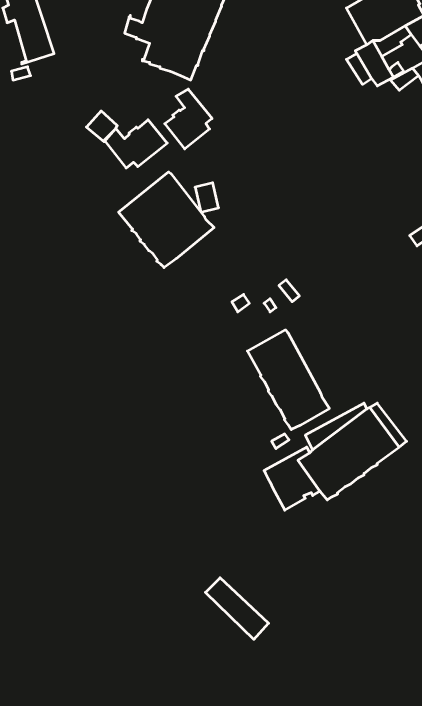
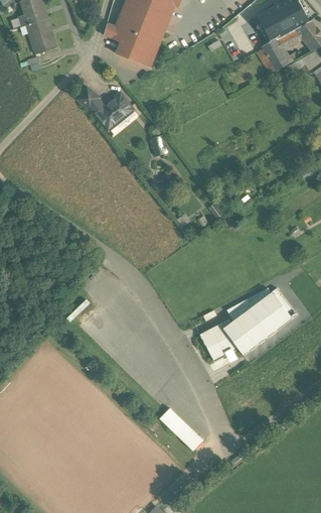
building: [165,89,212,149] -> none
building: [119,172,214,268] -> none
building: [247,330,329,430] -> none

